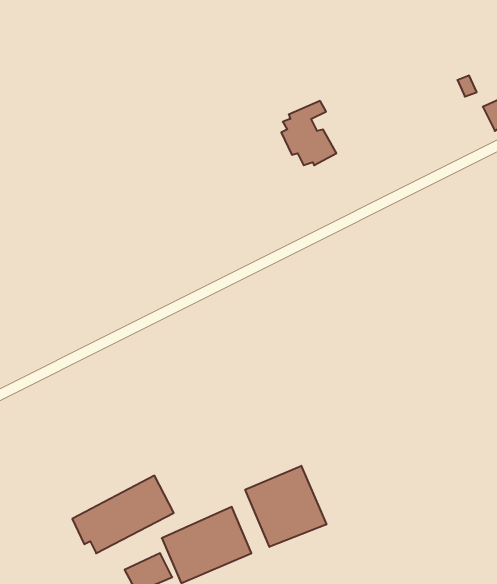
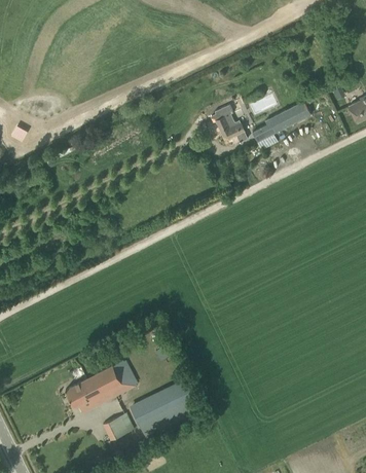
building: none -> [253,101,312,150]
building: [245,466,326,547] -> none

